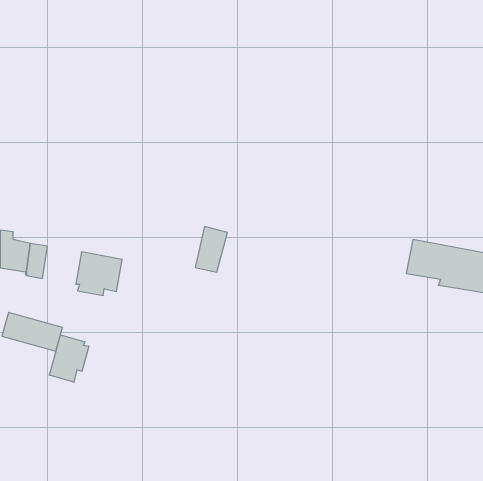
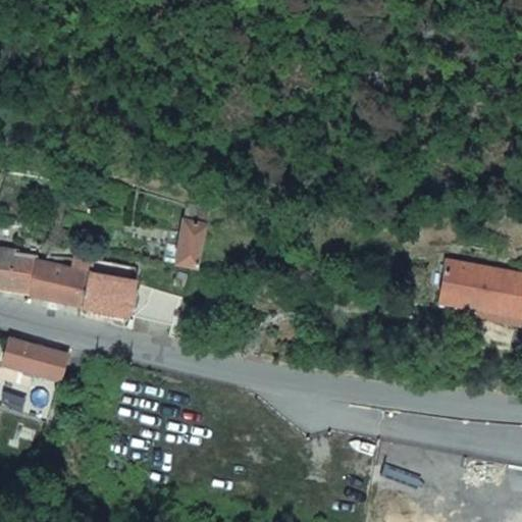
building: [195,227,227,272] -> [172,217,207,266]
building: none -> [47,265,89,306]
building: [49,335,89,382] -> none

